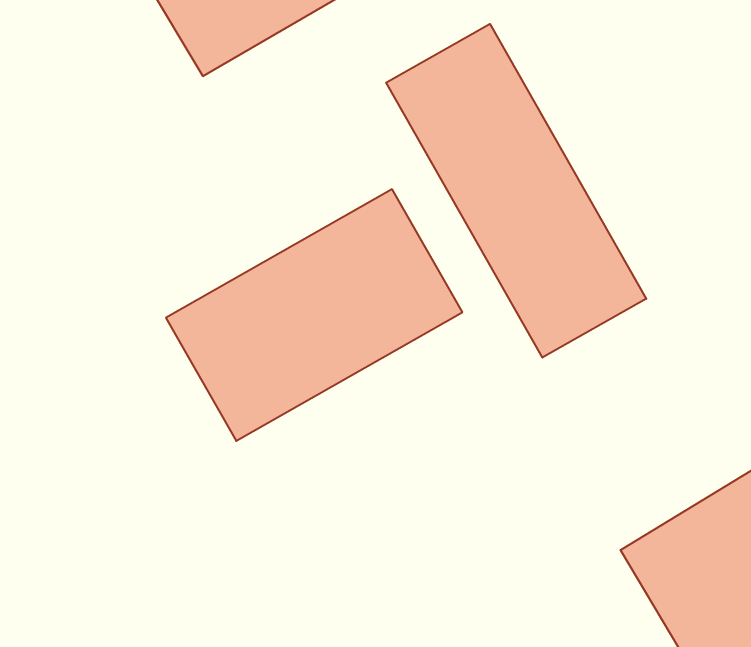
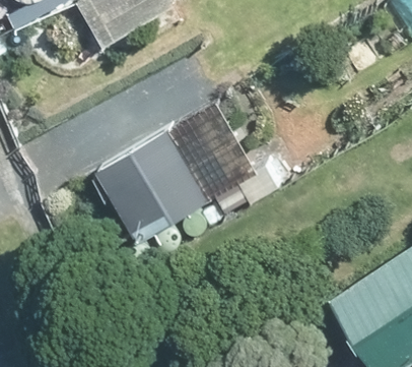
building: [386,24,646,358] -> none

